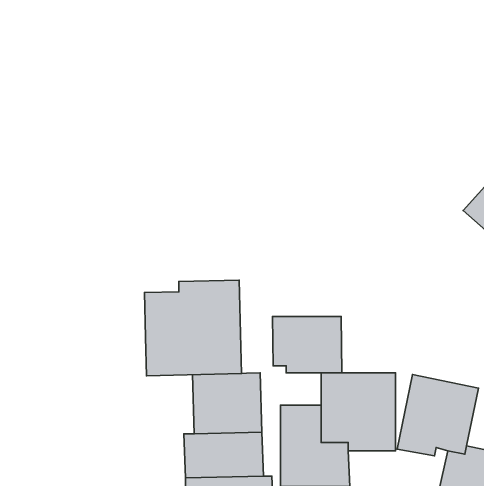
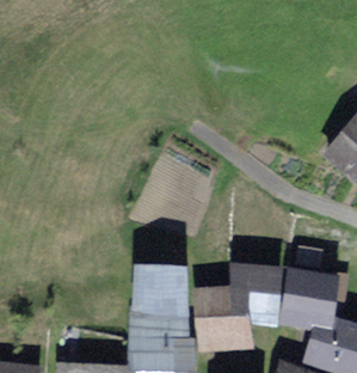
building: [144,280,241,376] -> none
building: [272,316,342,373] -> none

